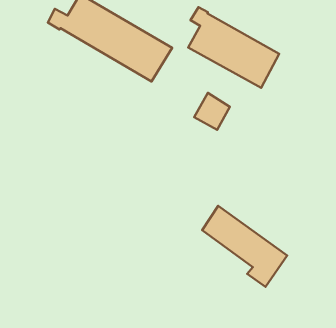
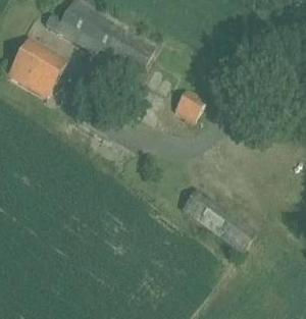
building: [188,7,279,88] -> none
building: none -> [6,37,67,97]

